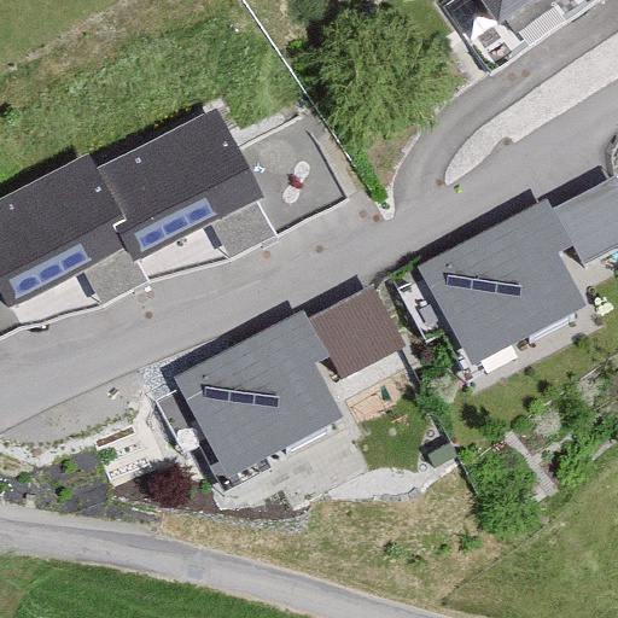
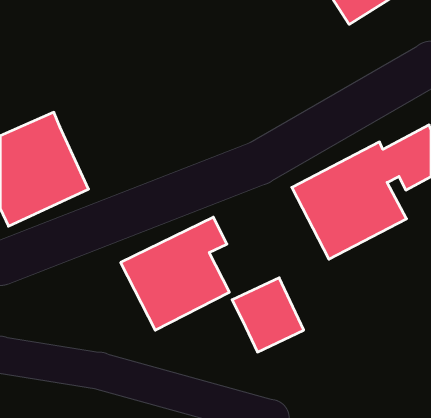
building: [86,116,272,284] -> none
building: [305,279,408,385] -> [232,278,304,352]

